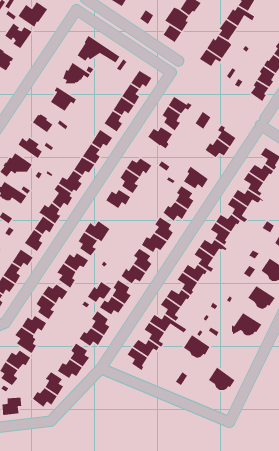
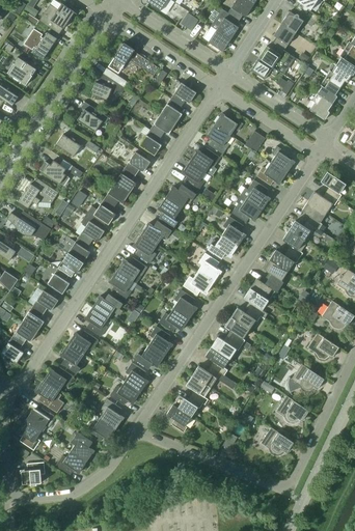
building: none -> [182,161,206,191]
building: none -> [240,179,270,209]
building: none -> [134,234,157,263]
building: [87,281,112,303] -> none
building: [183,334,211,358] -> [276,396,308,424]

